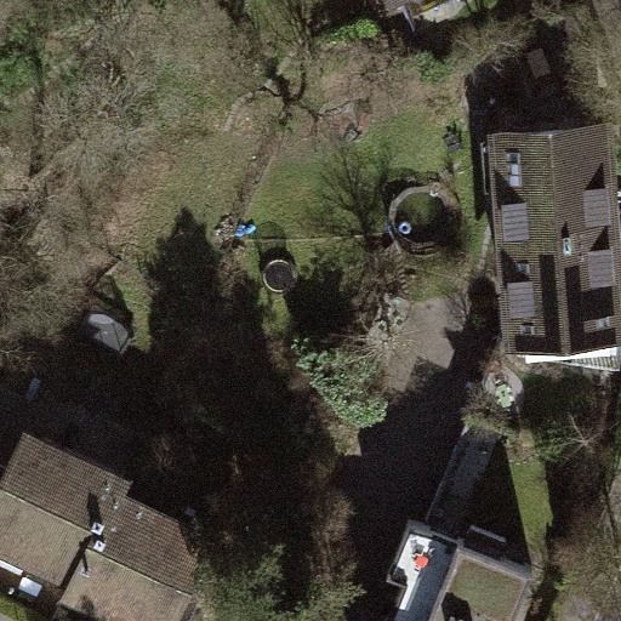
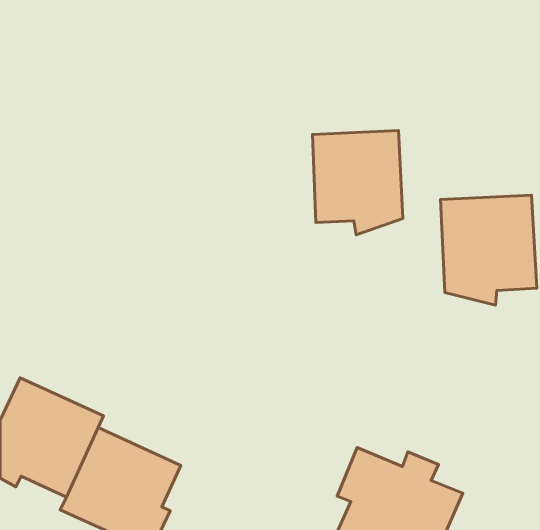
building: [500,133,610,240] -> none
building: none -> [313,130,403,235]

